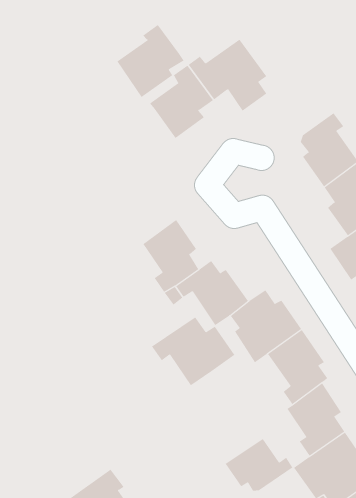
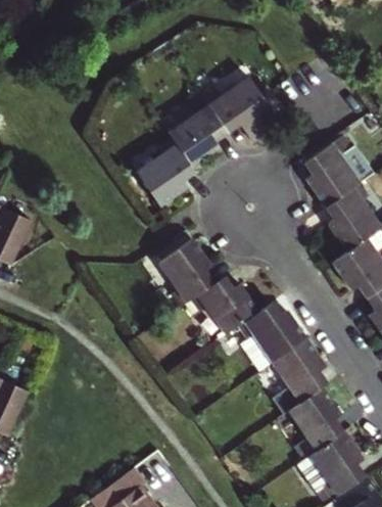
building: [116,24,184,98] -> [135,140,196,206]
building: [151,317,235,386] -> none
building: [225,438,293,492] -> none

